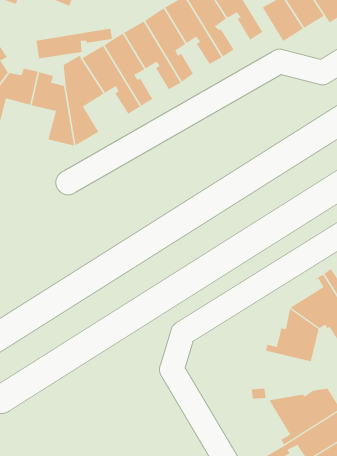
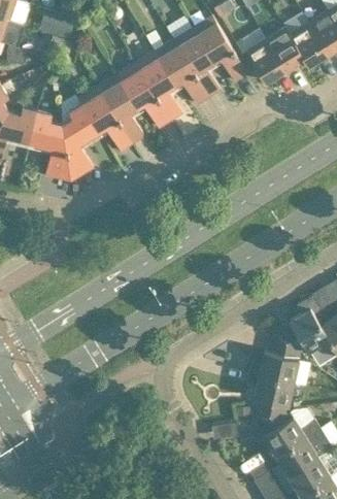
building: [36,28,112,59] -> none
building: none -> [247,373,293,420]

